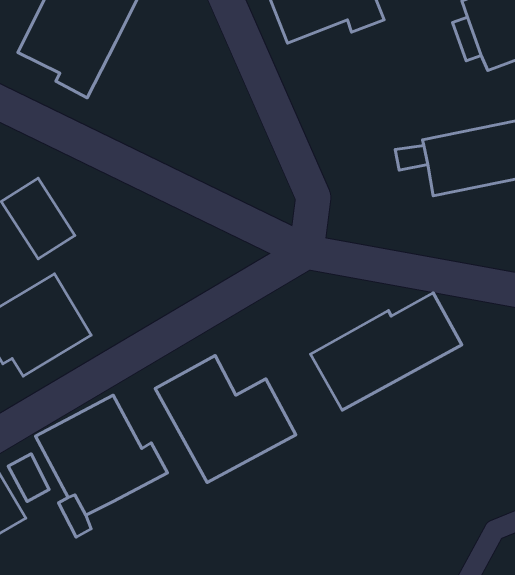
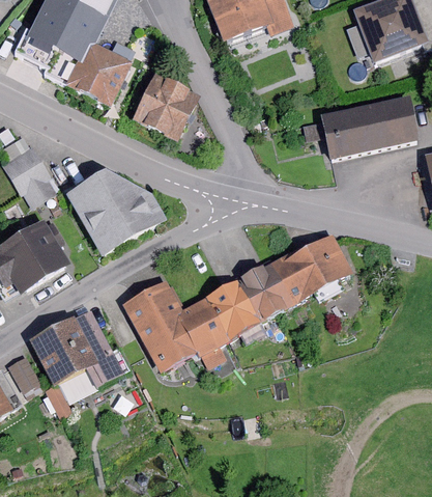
building: none -> [67,40,133,107]
building: none -> [132,72,200,140]
building: none -> [65,170,167,256]
building: none -> [204,278,262,339]

